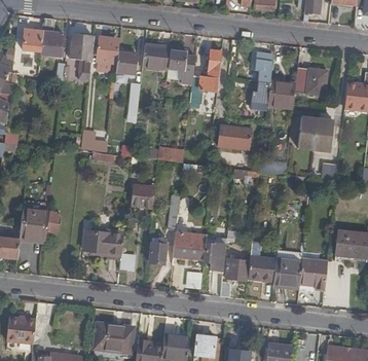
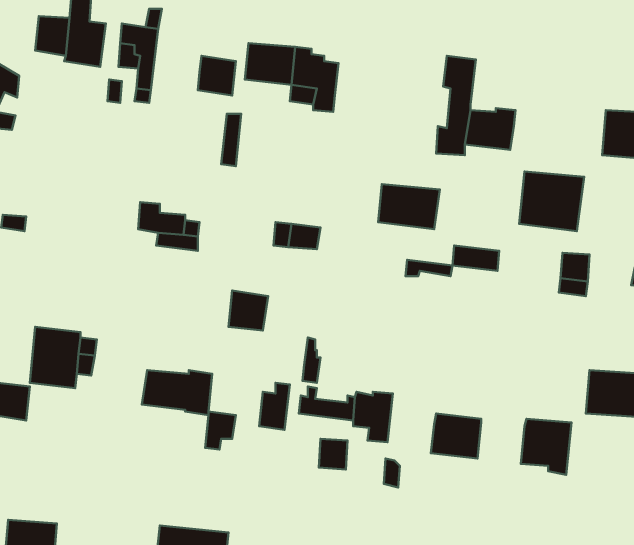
building: [98,37,118,62] -> none
building: [190,49,222,103] -> none
building: [295,67,328,95] -> none
building: [226,259,250,281] -> none
building: [273,260,301,289] -> none

